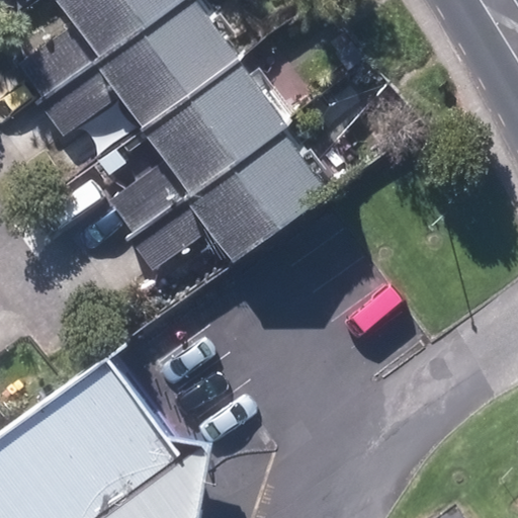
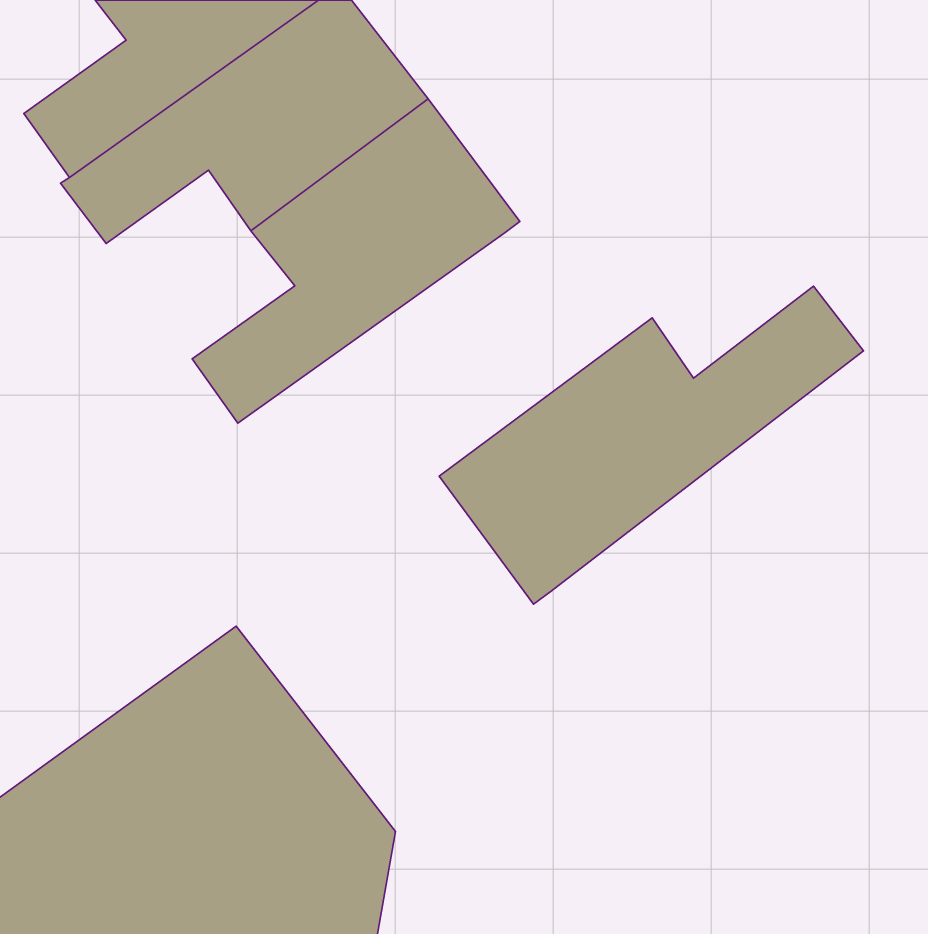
building: [124,130,329,272] -> none
building: none -> [439,286,864,604]

